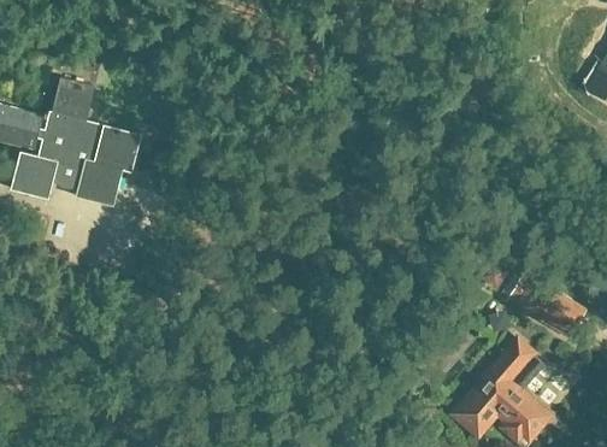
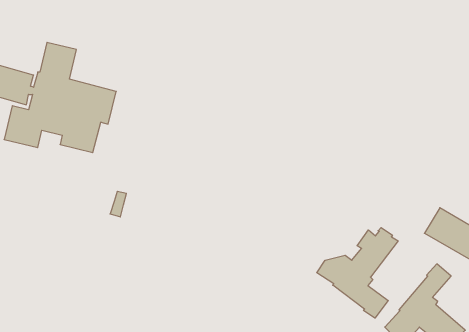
building: none -> [317,228,398,318]

